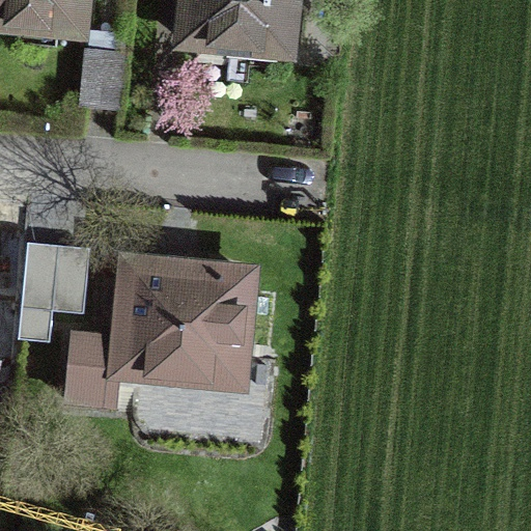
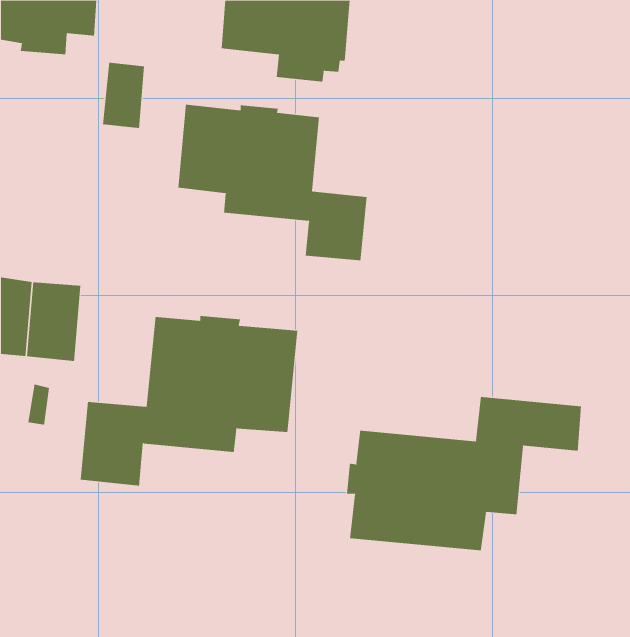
building: none -> [178,104,367,261]
building: none -> [346,396,582,551]

